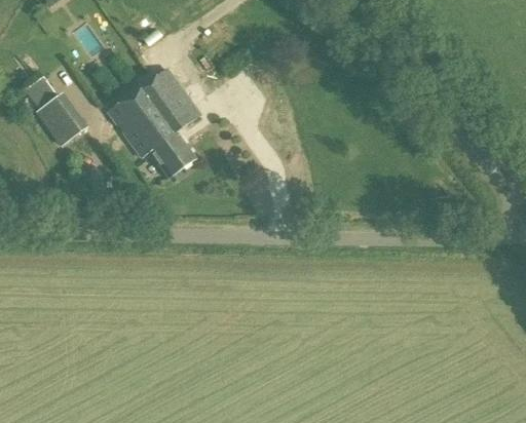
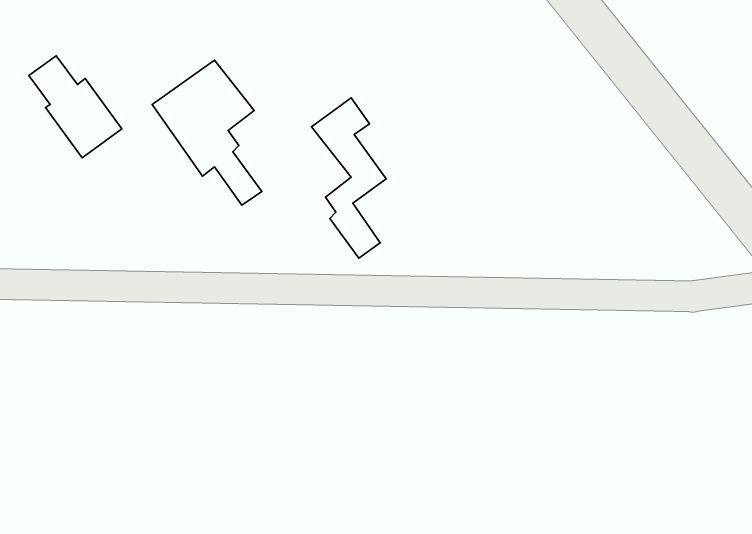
building: [150,61,200,168] -> [312,98,386,258]

